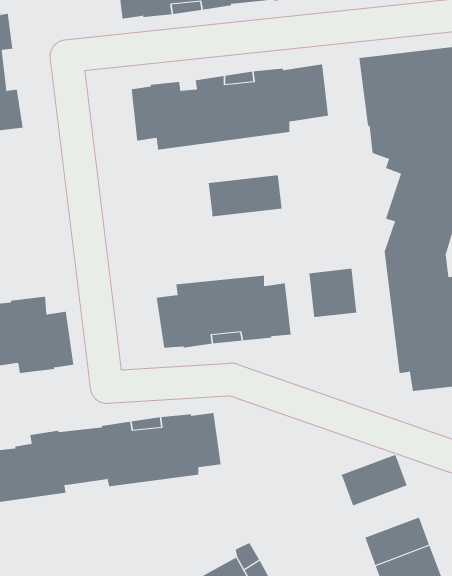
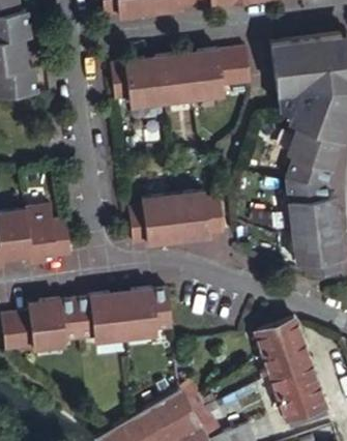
building: [208,175,282,217] -> none
building: [309,268,357,318] -> none
building: none -> [264,340,311,376]

